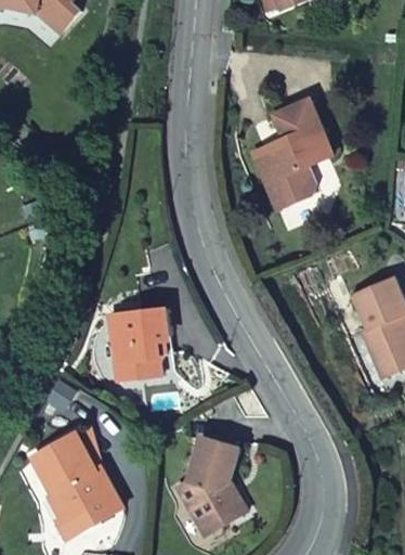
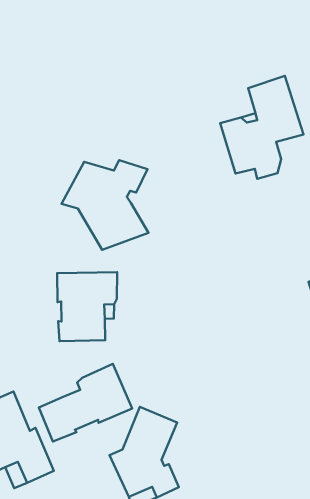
building: none -> [62,160,149,250]
building: none -> [39,364,132,442]

